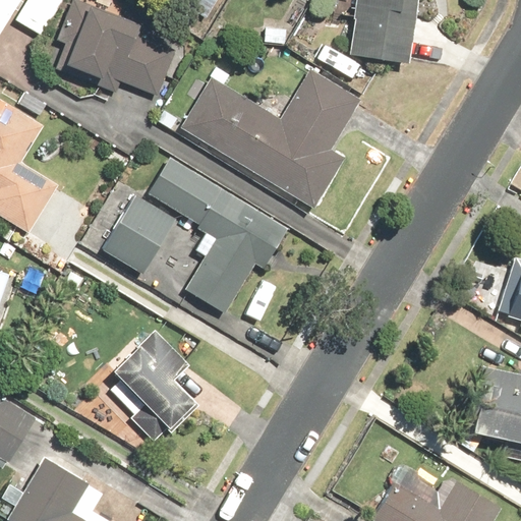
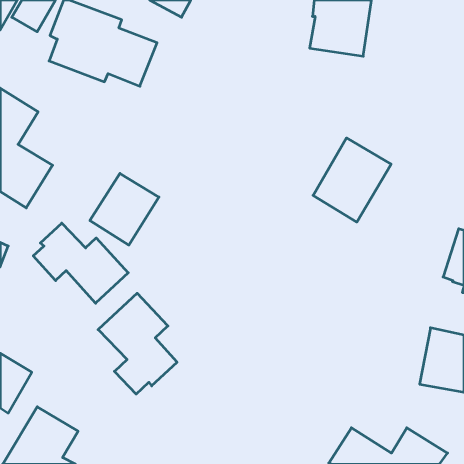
building: [178,66,361,208] -> none
building: none -> [313,138,391,222]
building: [146,156,287,312] -> none
building: none -> [33,223,128,303]

